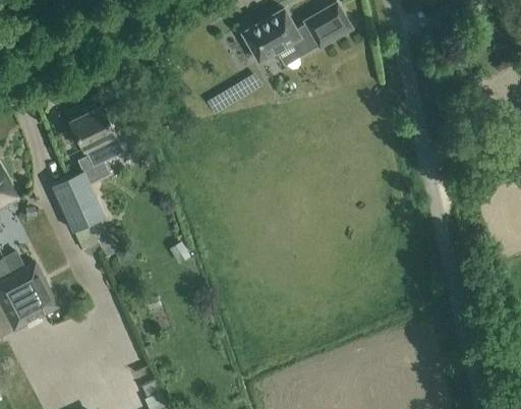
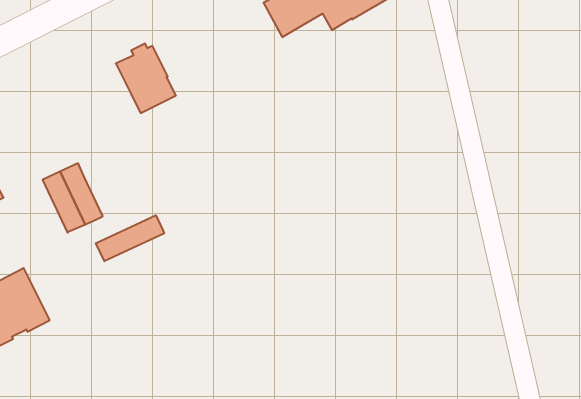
building: [70,106,122,166] -> [116,44,176,113]
building: none -> [96,215,164,261]

